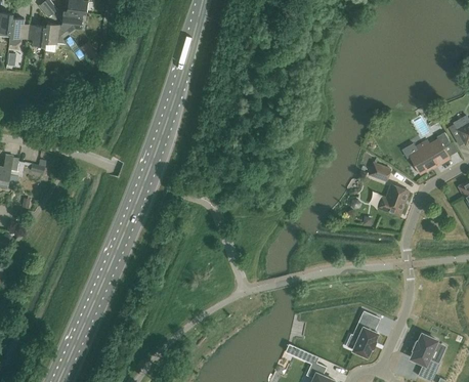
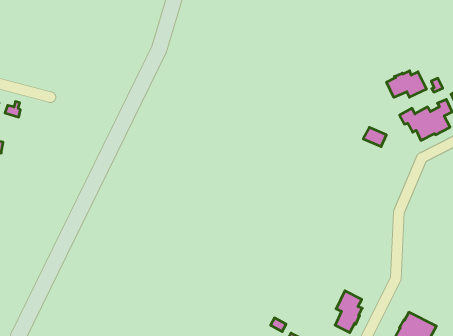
building: none -> [387,71,426,97]
building: [378,184,409,215] -> none

